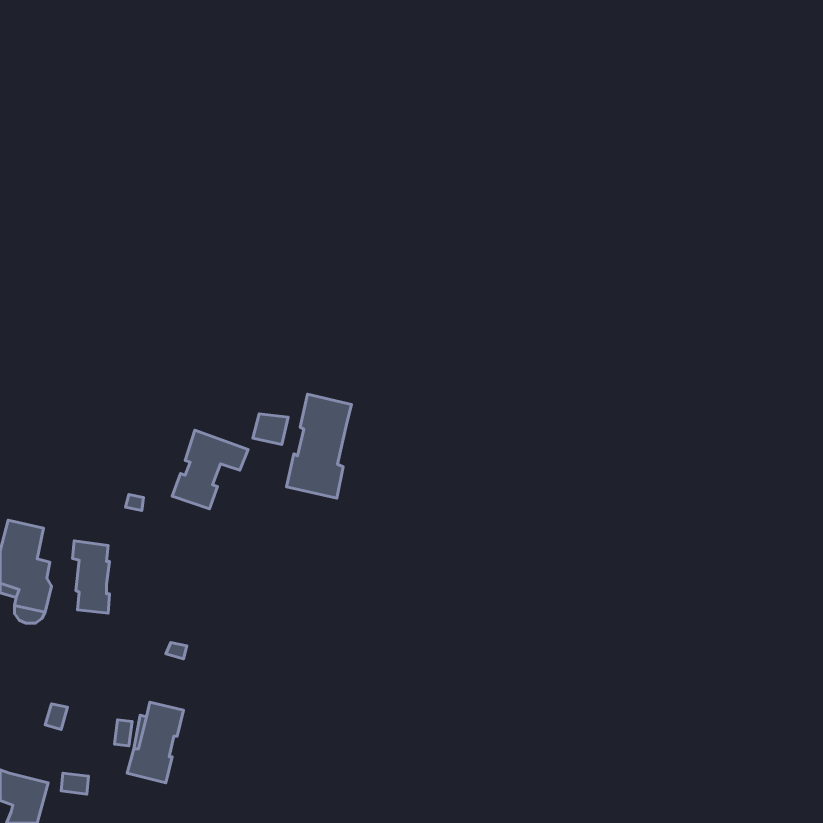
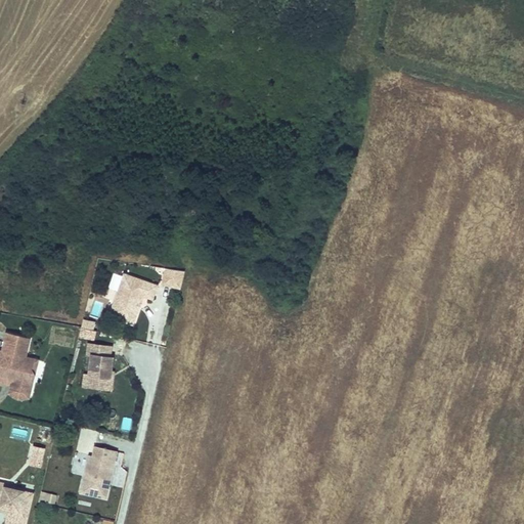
building: [286,394,351,498] -> none
building: [73,541,110,613] -> [88,343,112,389]

